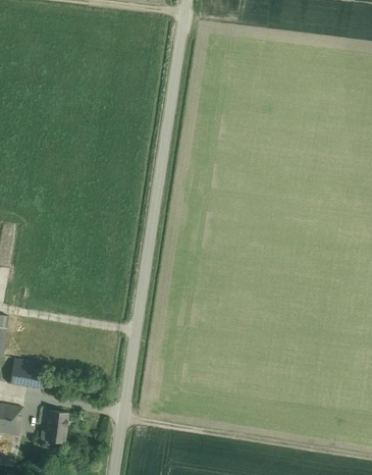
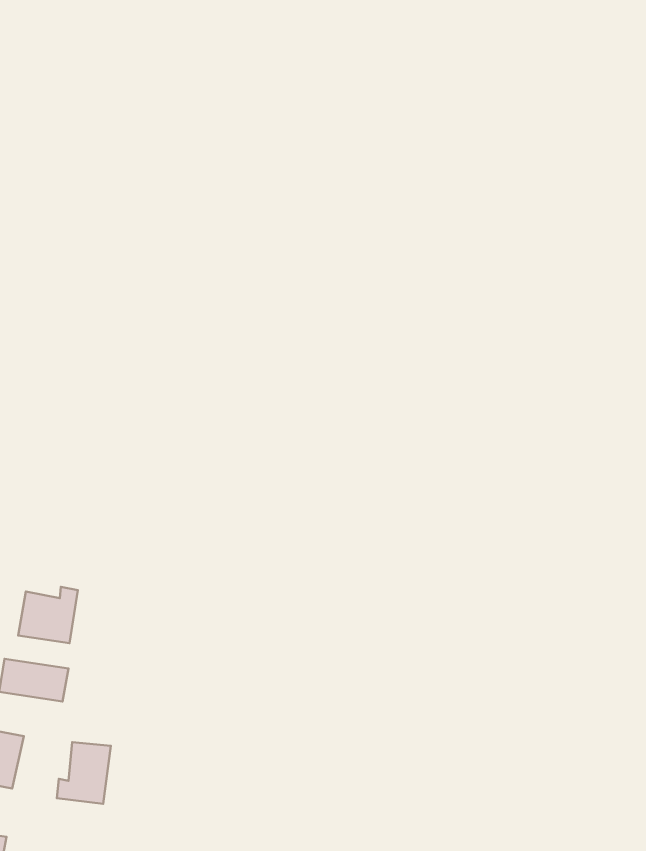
building: none -> [18,587,78,643]

